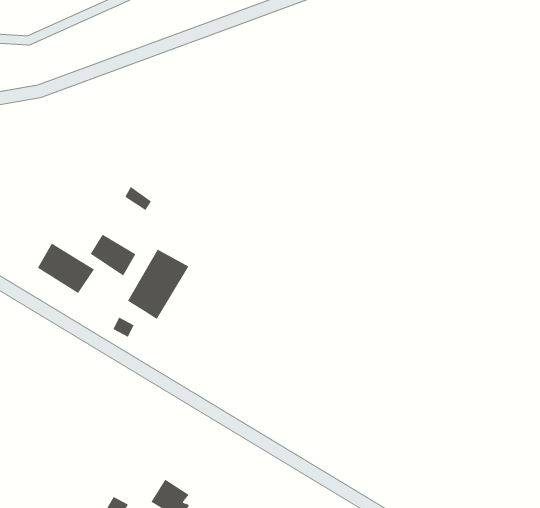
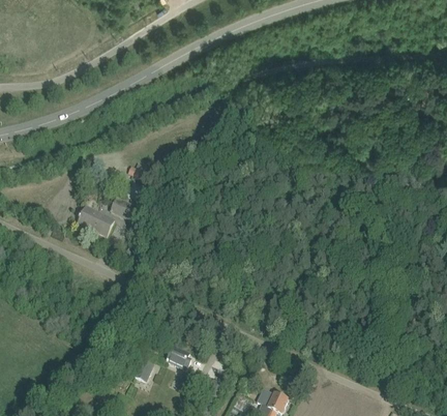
building: [127,249,189,320] -> none

